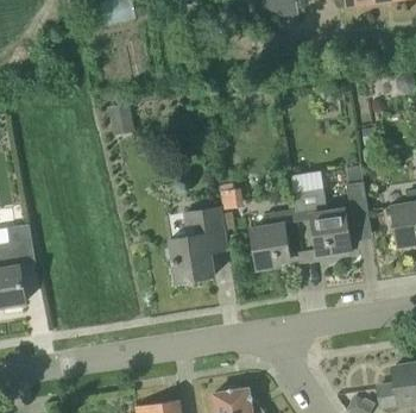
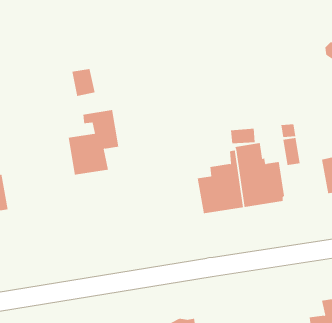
building: [169,207,227,282] -> [68,109,119,175]

